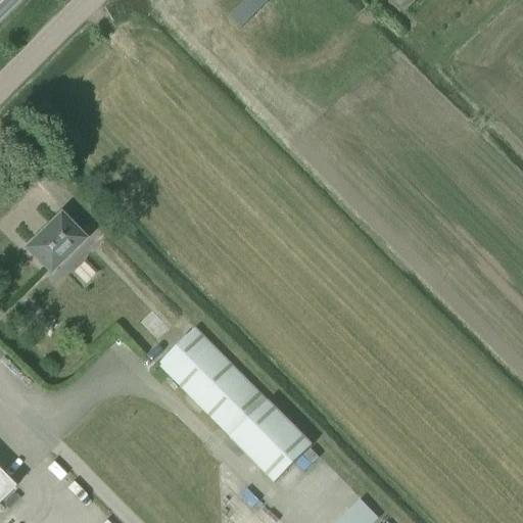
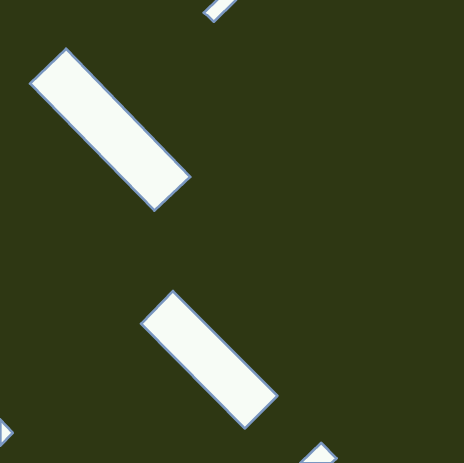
building: none -> [30,49,190,211]
building: [28,215,84,271] -> none

